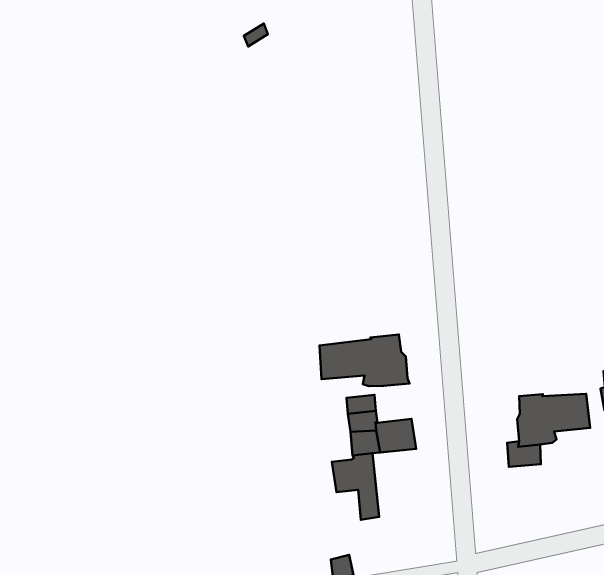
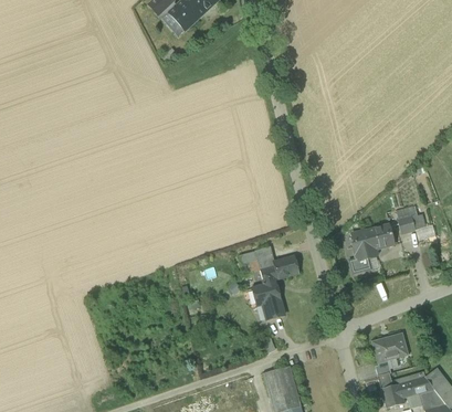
building: [320,335,410,386] -> none

